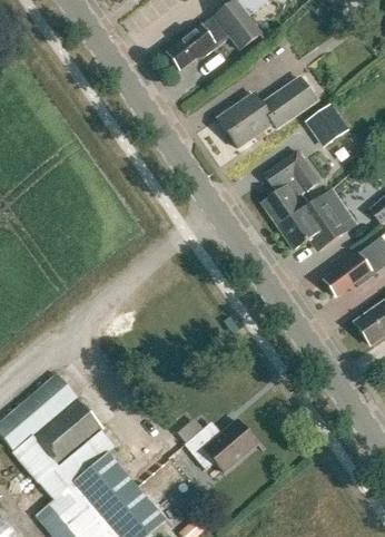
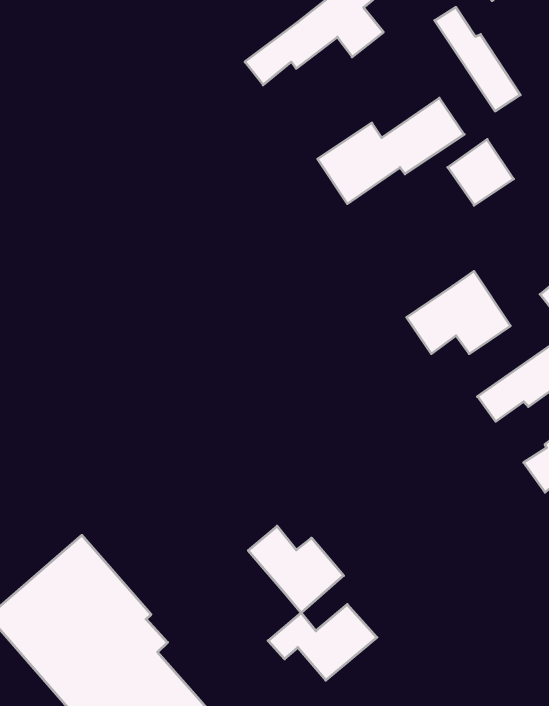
building: none -> [435,7,520,111]
building: [260,150,318,225] -> none
building: none -> [248,526,344,613]

